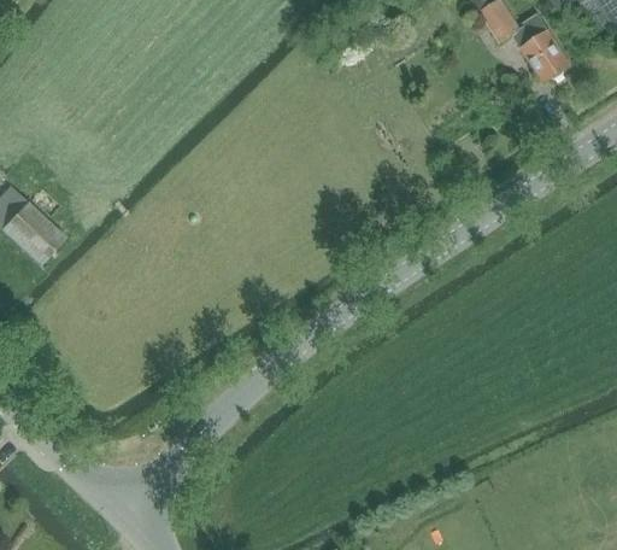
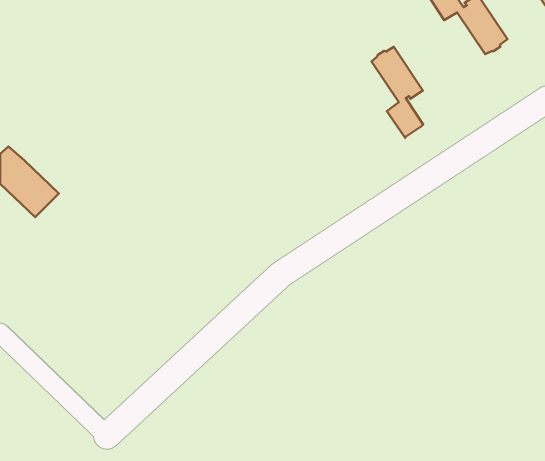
building: none -> [372,47,423,138]

